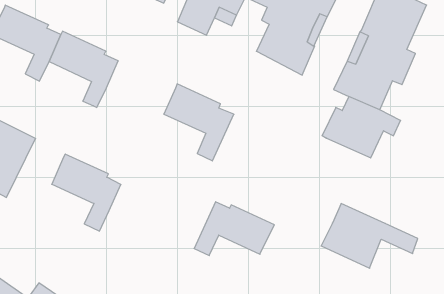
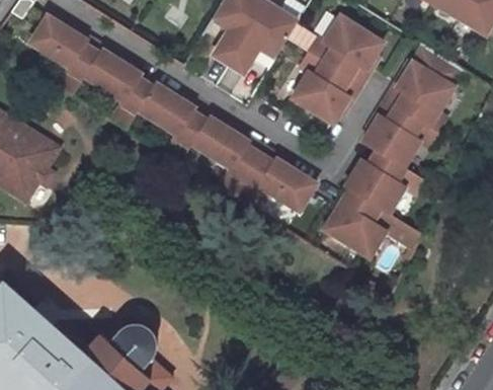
building: [52,154,121,231] -> [138,83,207,164]
building: [194,202,274,256] -> [234,154,317,212]
building: [321,204,418,268] -> [325,189,422,257]

